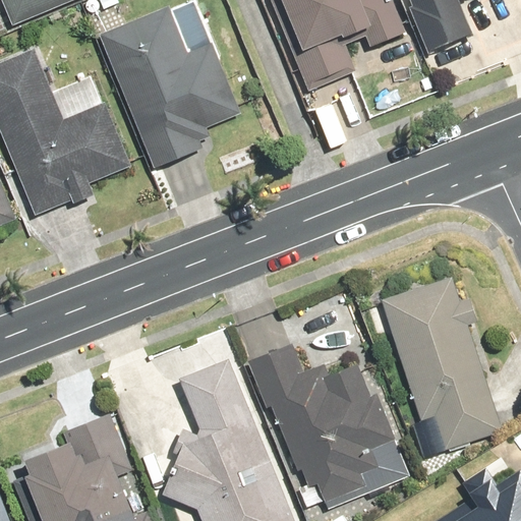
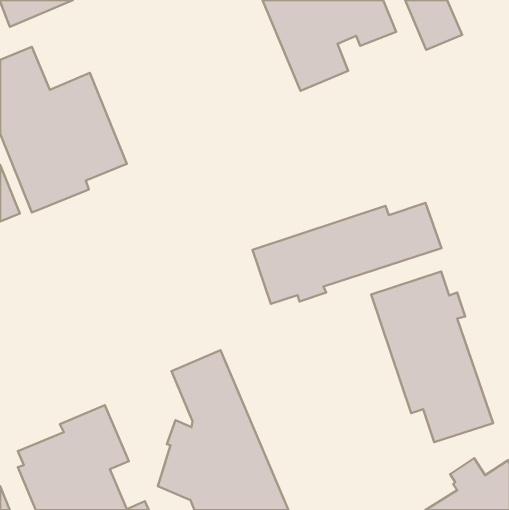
building: [99,6,240,168] -> none
building: none -> [252,203,441,304]
building: [254,343,410,509] -> none

